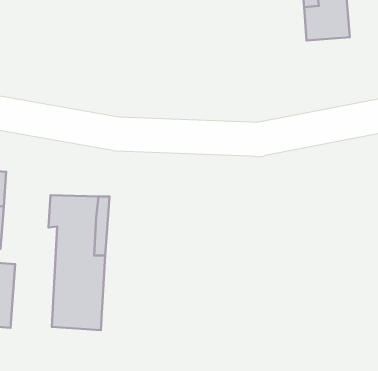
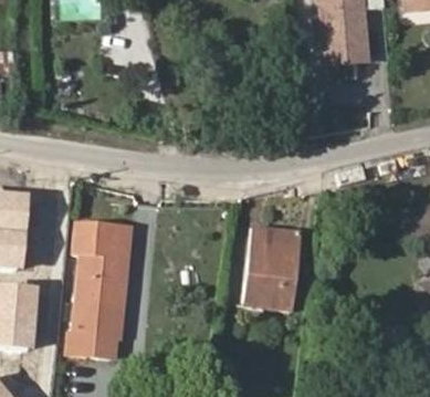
building: none -> [235,219,303,305]

